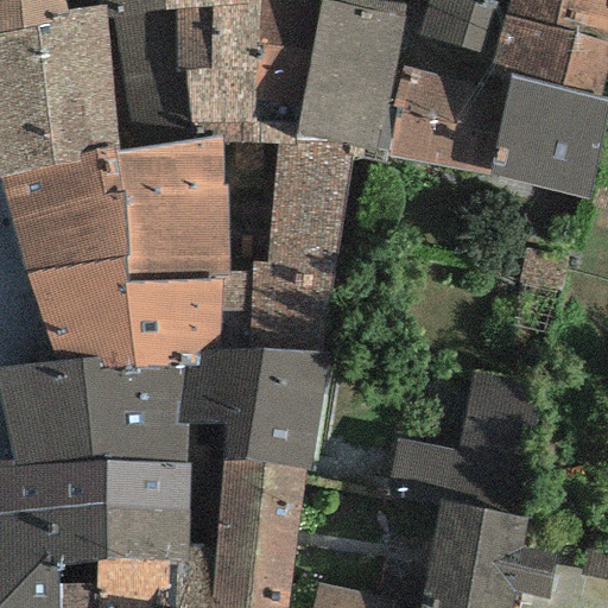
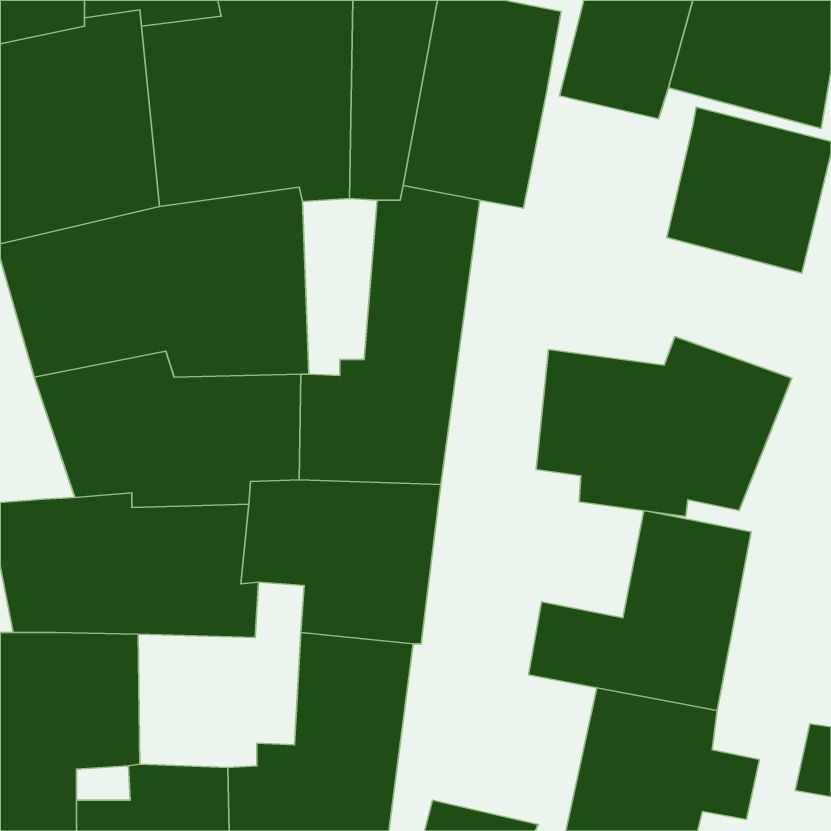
building: [382,68,506,173] -> none
building: none -> [536,336,792,516]
building: [101,463,188,560] -> none

